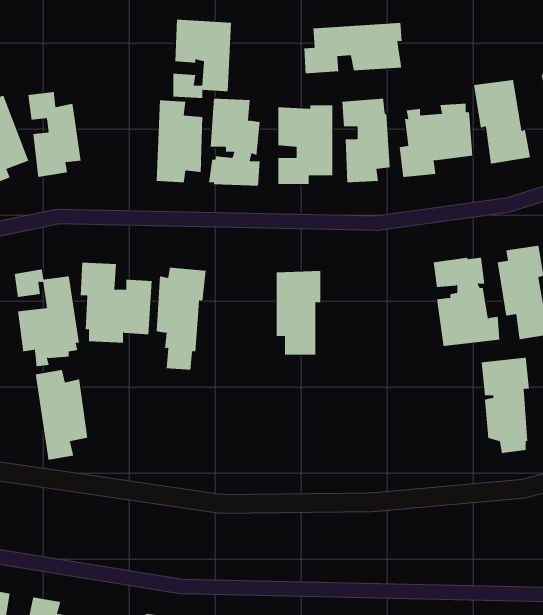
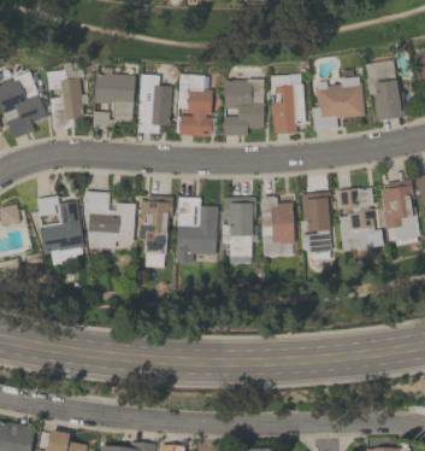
building: [173,19,232,99] -> [93,72,135,129]
building: [304,22,402,74] -> none
building: none -> [260,195,295,254]
building: none -> [176,198,218,264]
building: [481,357,530,453] -> [297,192,332,260]
building: [35,369,88,461] -> none

